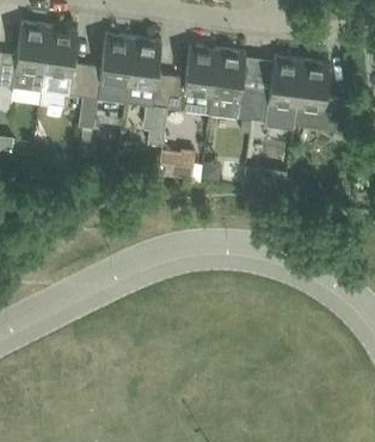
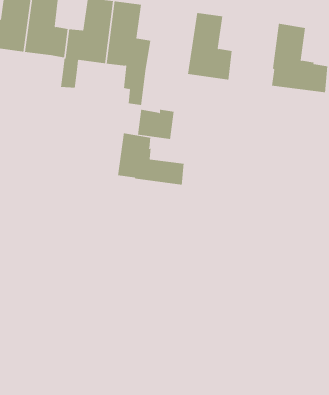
building: [166,45,217,109] -> none
building: [251,56,301,129] -> none
building: none -> [117,132,184,186]

